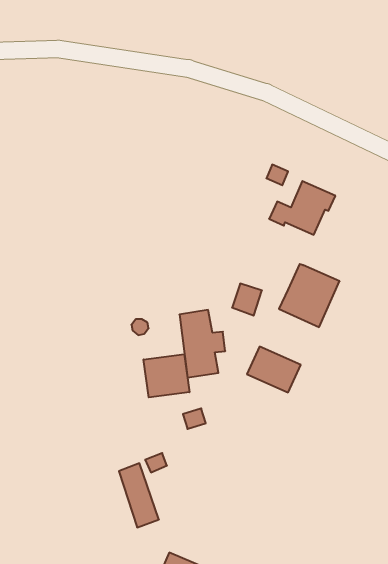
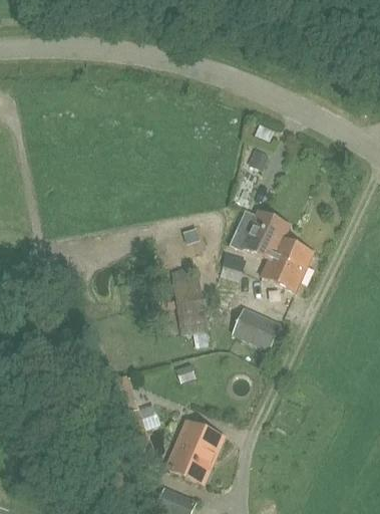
building: [269,181,335,235] -> [229,210,287,257]
building: [144,354,189,397] -> none
building: none -> [166,419,223,482]

